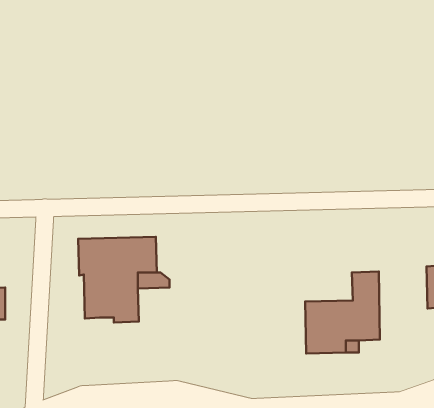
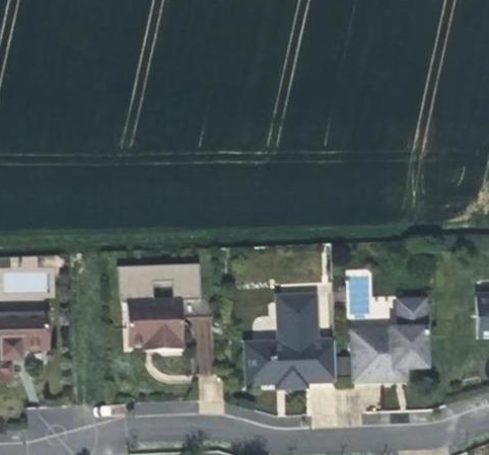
building: none -> [244,294,336,388]

